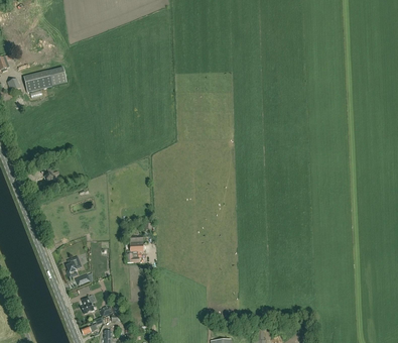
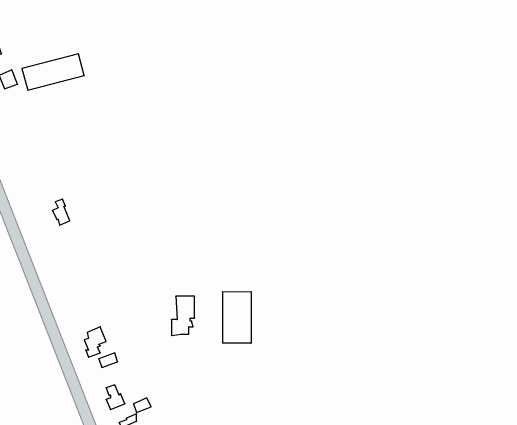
building: none -> [223,292,251,343]

